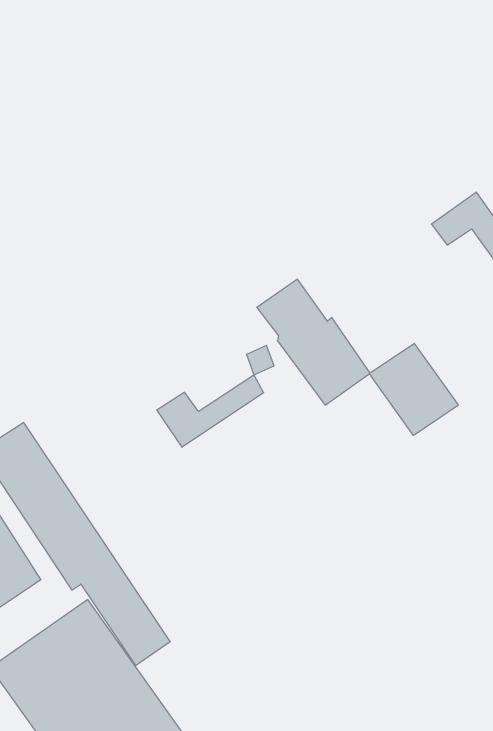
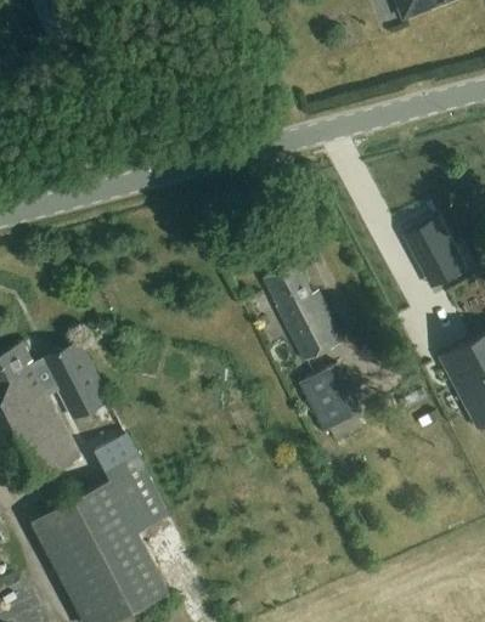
building: [369,343,458,435] -> [300,364,363,432]
building: [157,375,264,447] -> none

